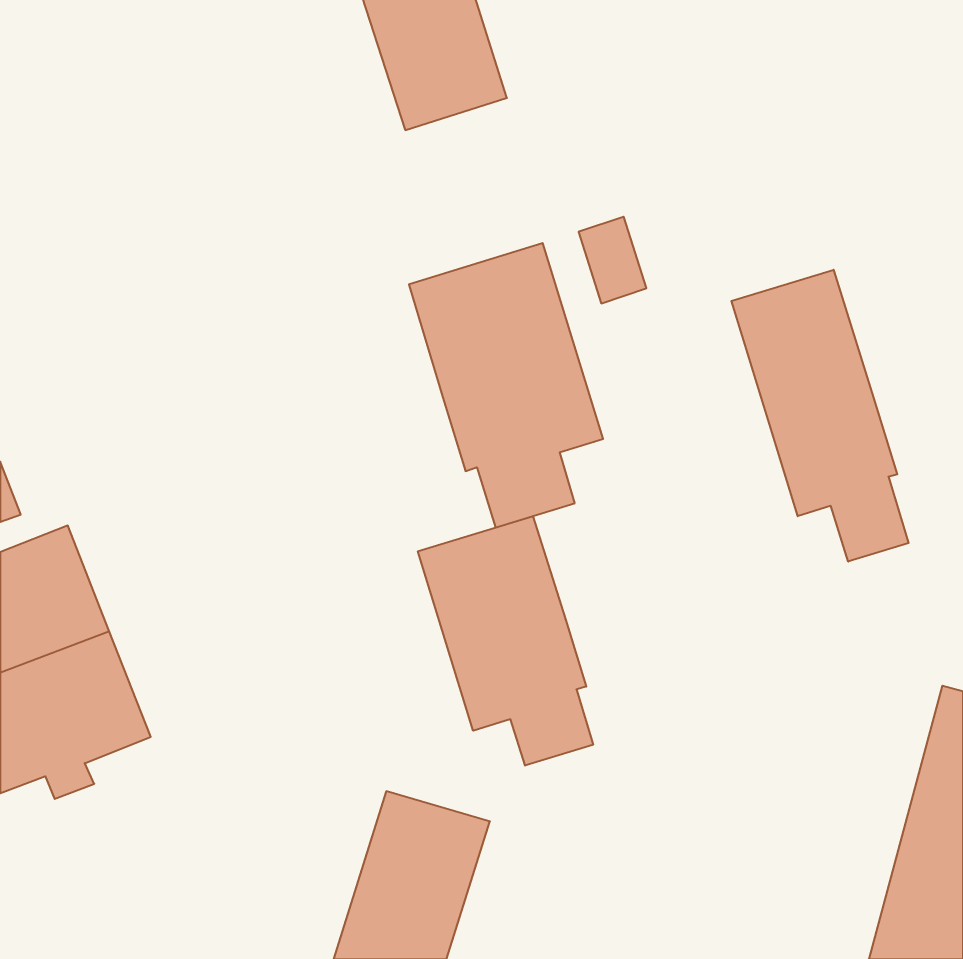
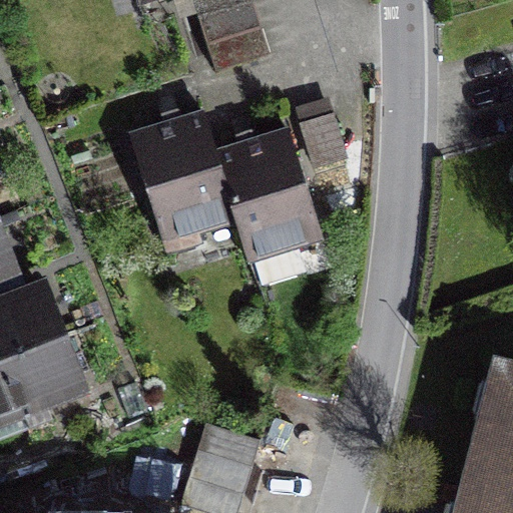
building: none -> [131,111,235,249]
building: [731,270,909,562] -> none
building: [418,516,593,766] -> none

